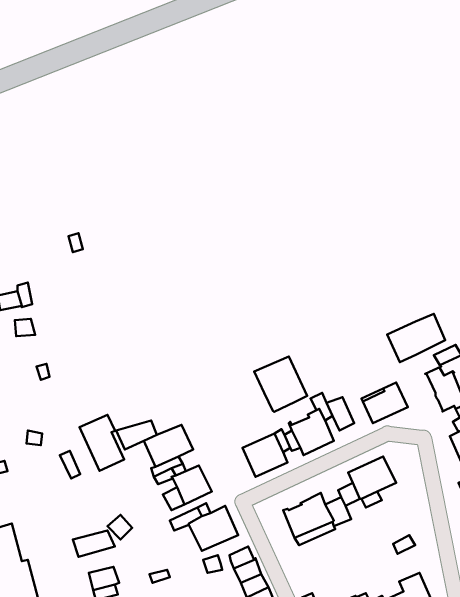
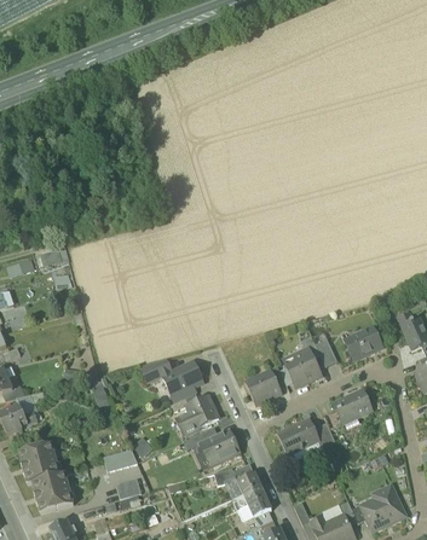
building: [387,314,445,362] -> none
building: [254,357,307,412] -> none
building: [79,415,124,471] -> none

